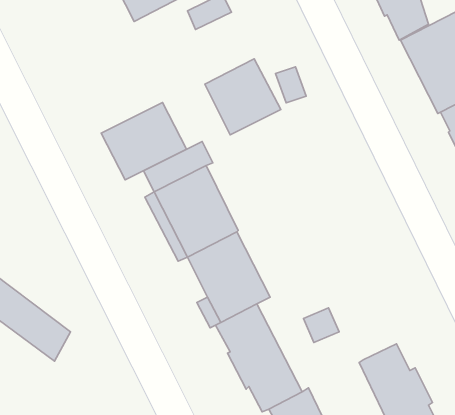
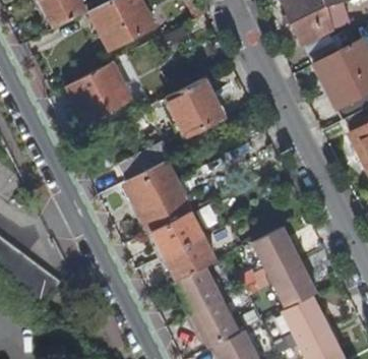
building: [101,103,186,180] -> [65,61,130,120]
building: none -> [252,225,316,307]

